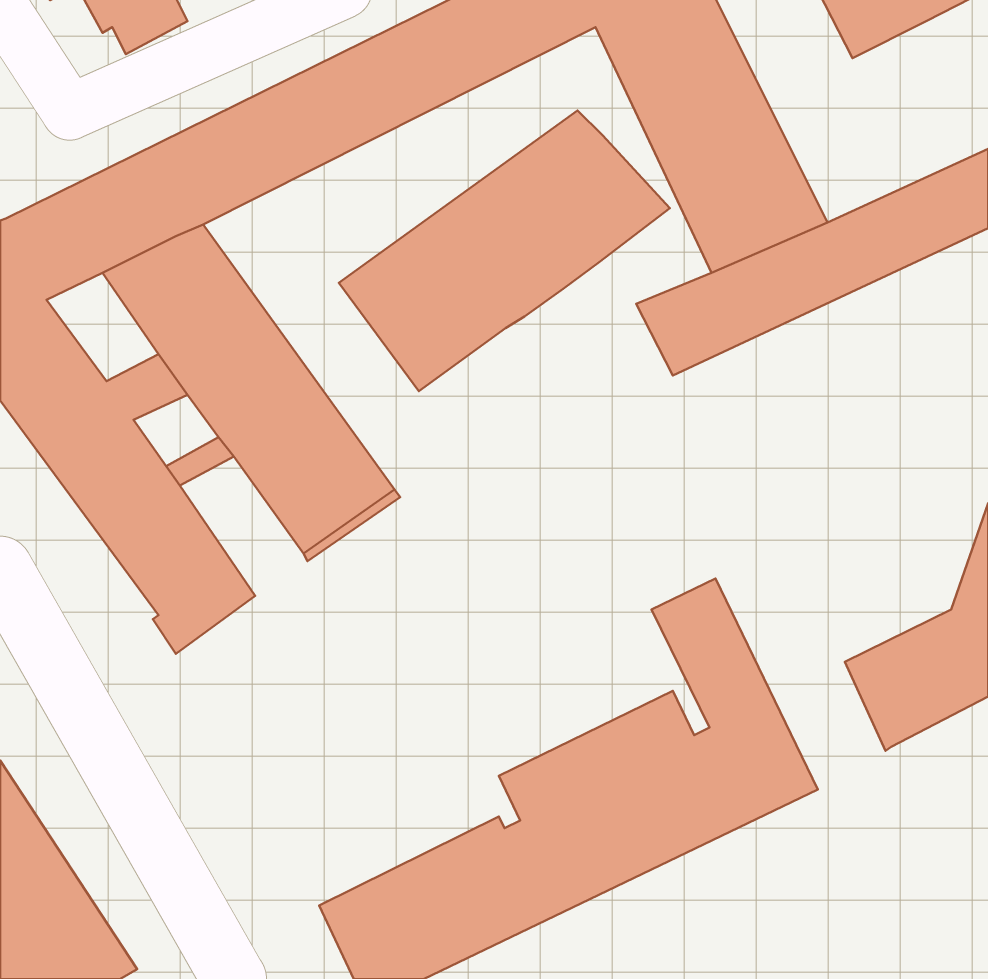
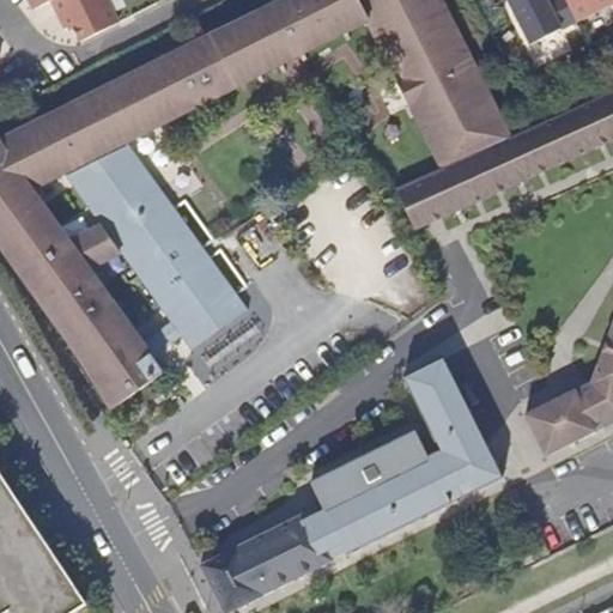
building: [339,110,670,391] -> none

